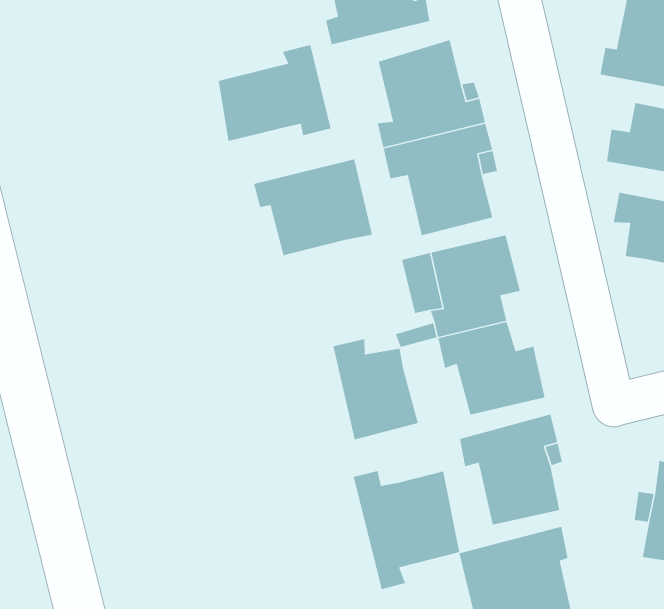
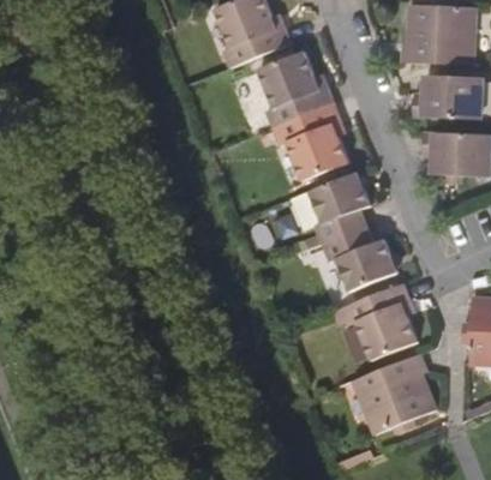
building: [218,44,332,142] -> none
building: [253,158,373,256] -> none
building: [333,338,419,441] -> none
building: [353,470,460,590] -> none

